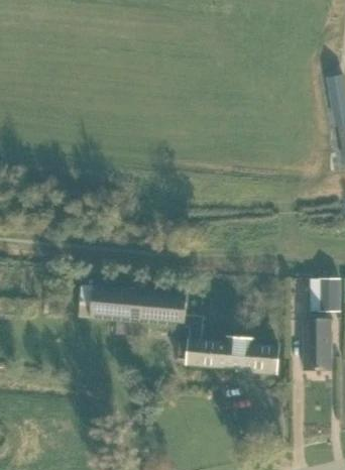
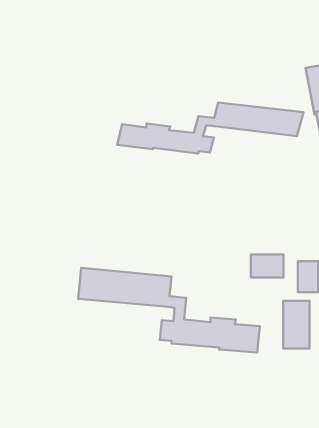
building: none -> [117,103,304,153]
building: none -> [251,255,283,277]

